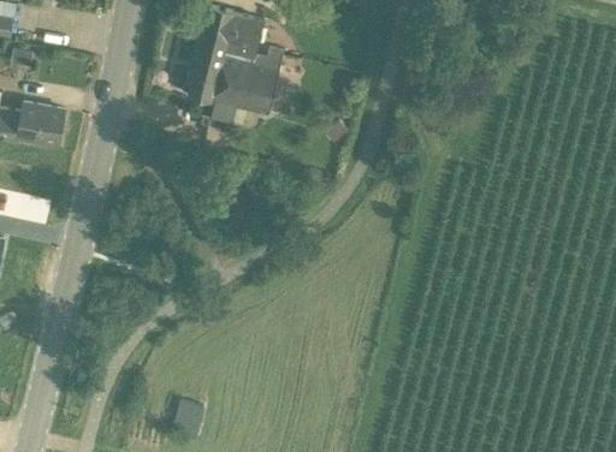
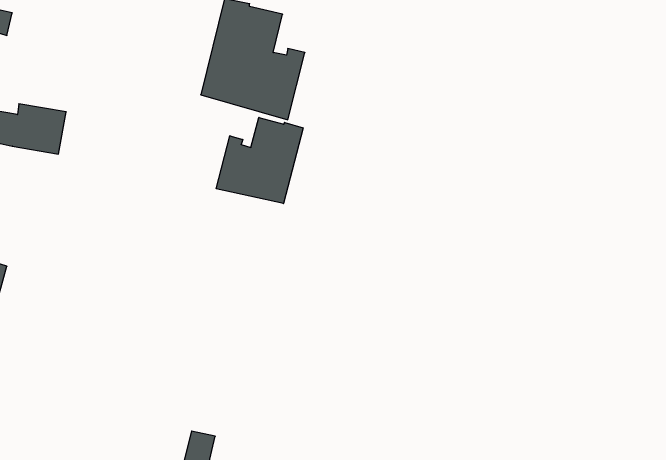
building: none -> [216,117,303,204]

